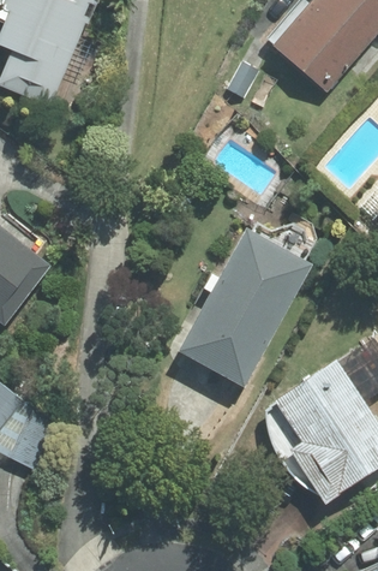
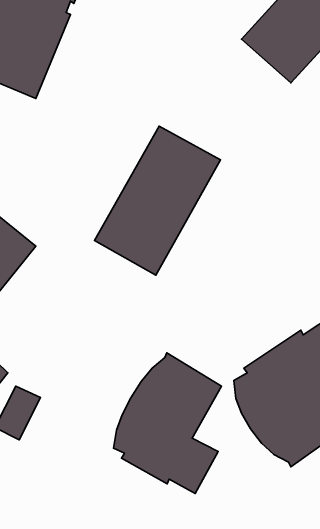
building: [179,227,314,387] -> [94,126,221,275]
building: none -> [114,353,221,493]

